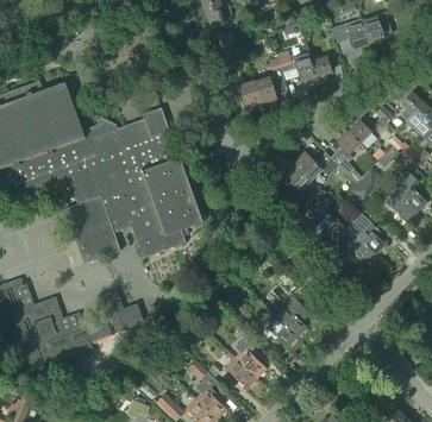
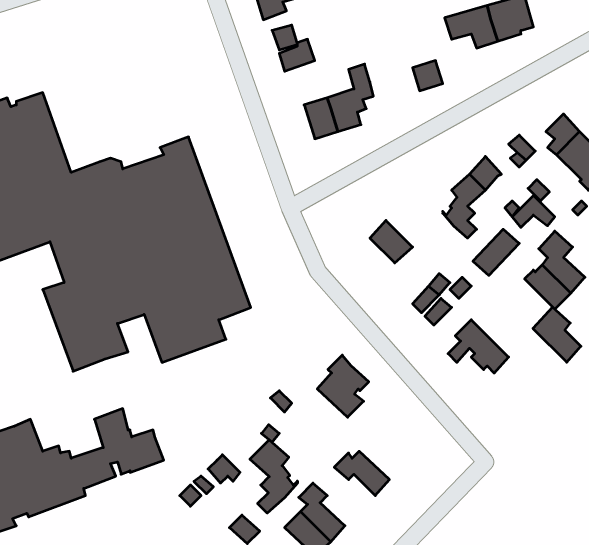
building: [276,51,315,81] -> none
building: [293,151,338,181] -> none
building: [352,218,384,254] -> [533,307,581,362]
building: [275,295,309,336] -> [317,355,369,417]
building: none -> [250,440,297,513]

